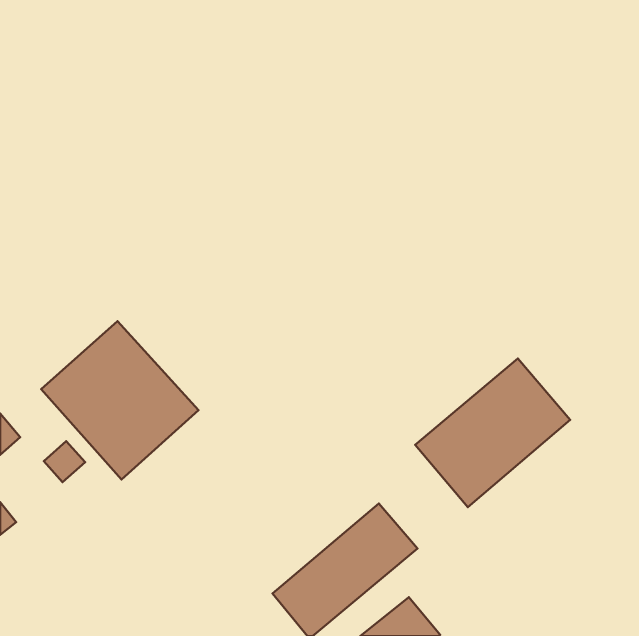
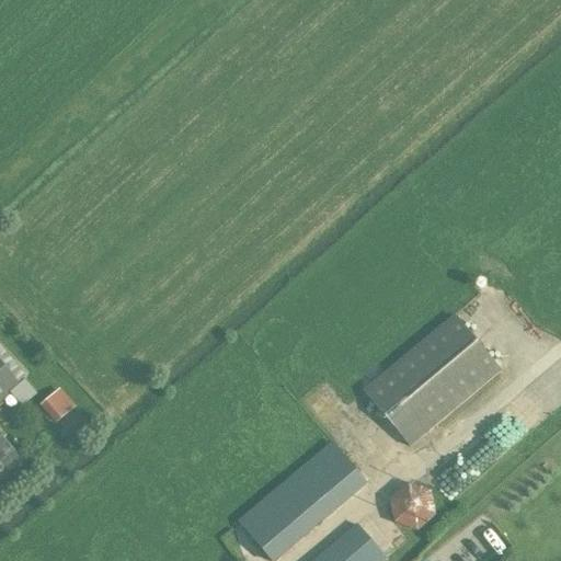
building: [41,321,198,479] -> none
building: none -> [387,477,443,531]

